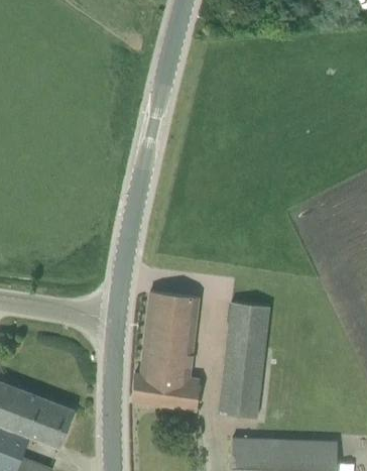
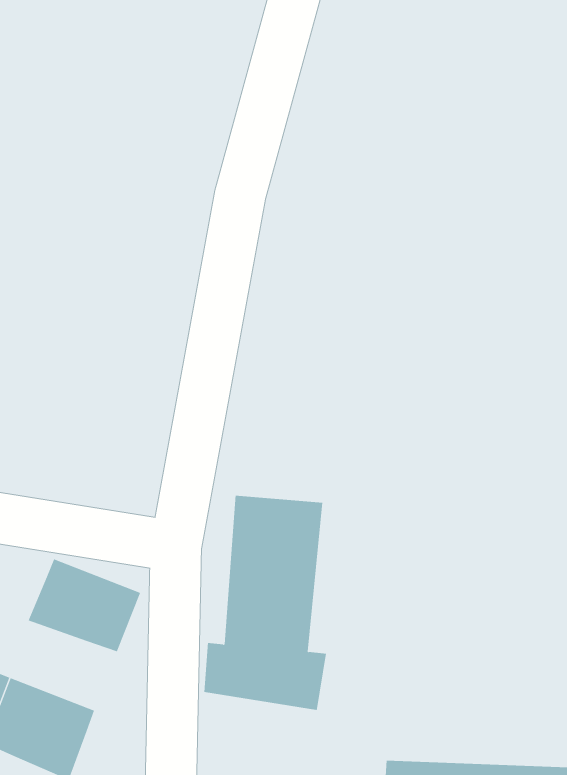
building: [218,303,270,419] -> none
building: none -> [28,559,141,652]

